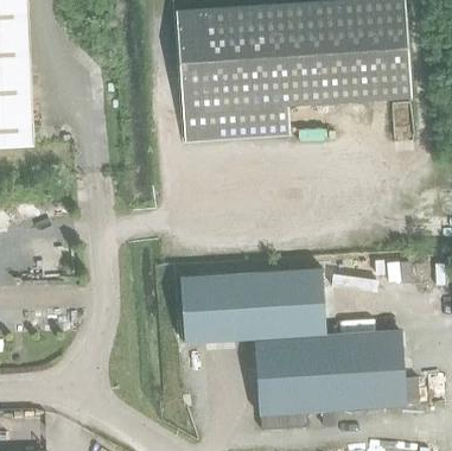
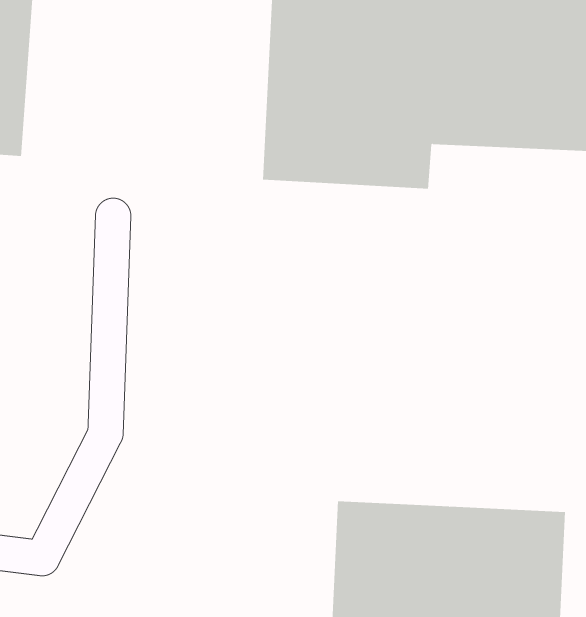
building: [180,269,326,344] -> none

